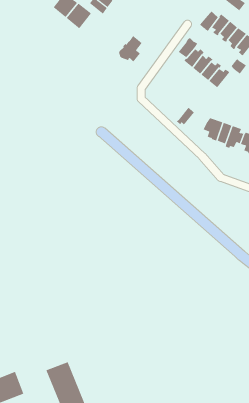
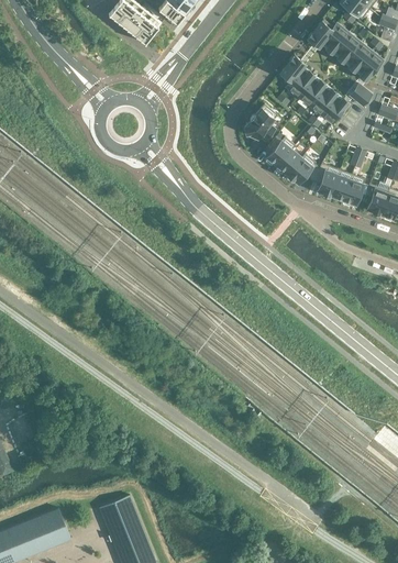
building: [118,35,143,63] -> [244,103,277,141]
building: none -> [266,136,296,167]
building: none -> [287,154,318,184]

